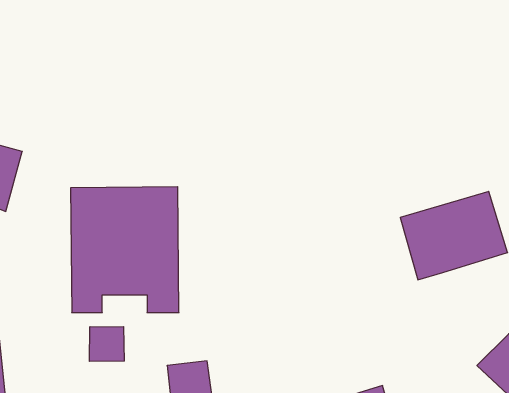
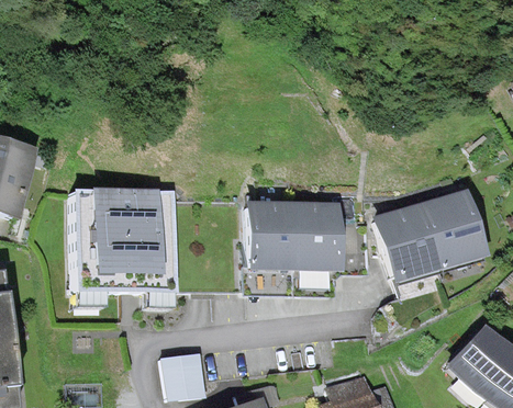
building: none -> [250,205,339,267]
building: [90,327,124,361] -> none

